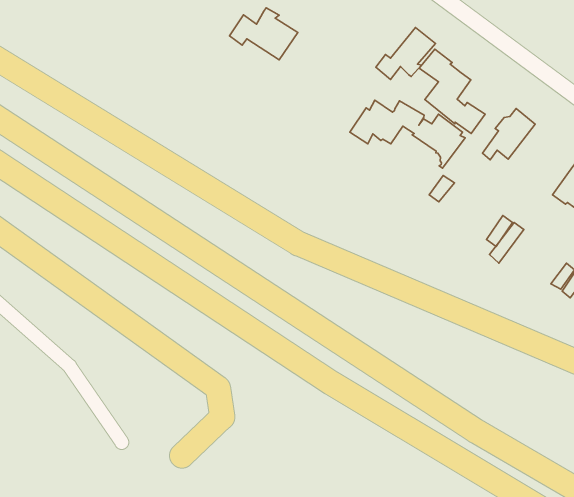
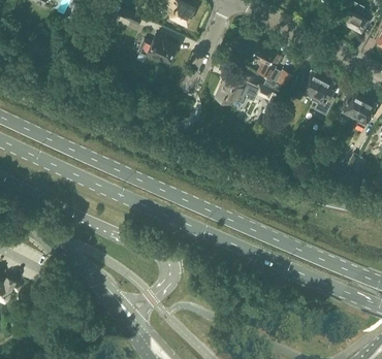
building: [376,28,435,79] -> none
building: none -> [311,75,336,115]

